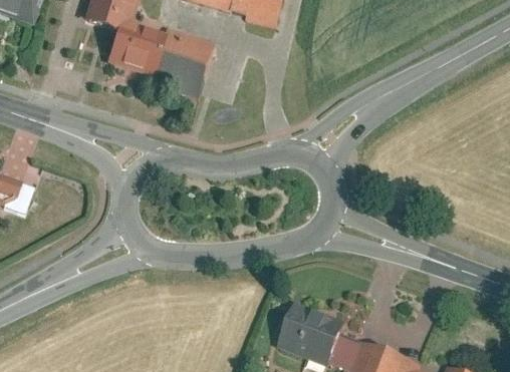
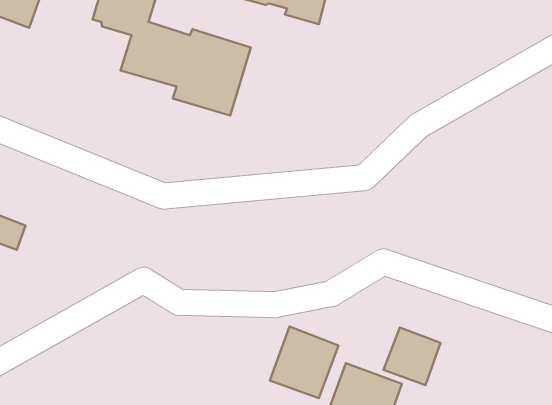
building: none -> [270,326,339,398]
building: none -> [384,328,441,385]

